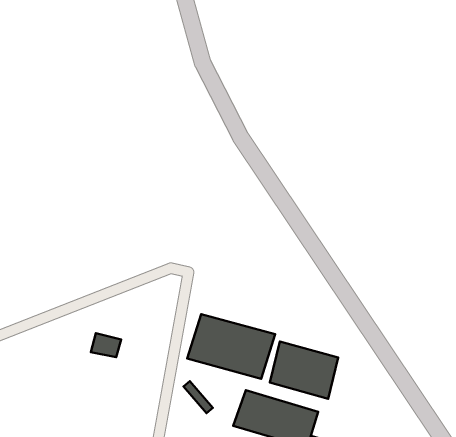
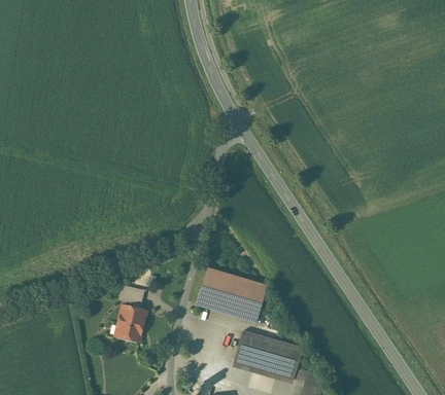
building: [270,341,338,399] -> none
building: none -> [115,306,146,340]

